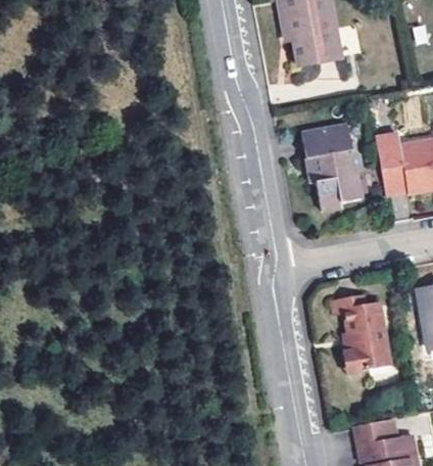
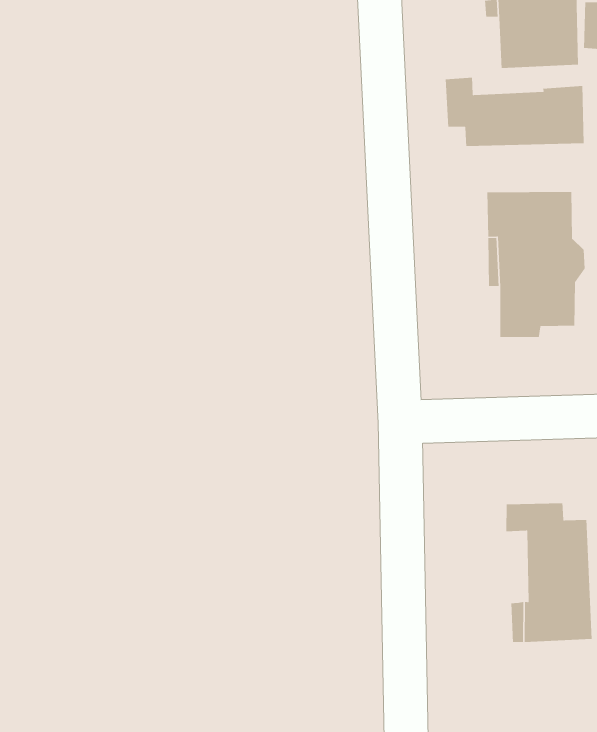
building: none -> [445,77,584,147]

